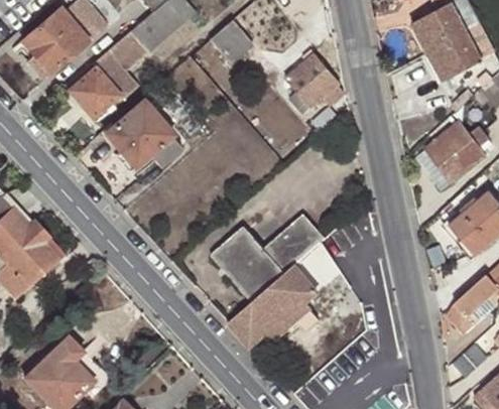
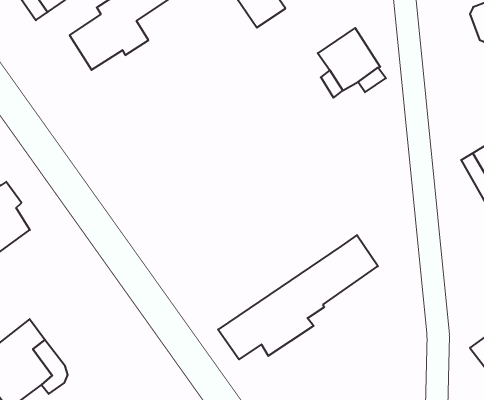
building: [106,100,180,167] -> none
building: [212,214,325,301] -> none

